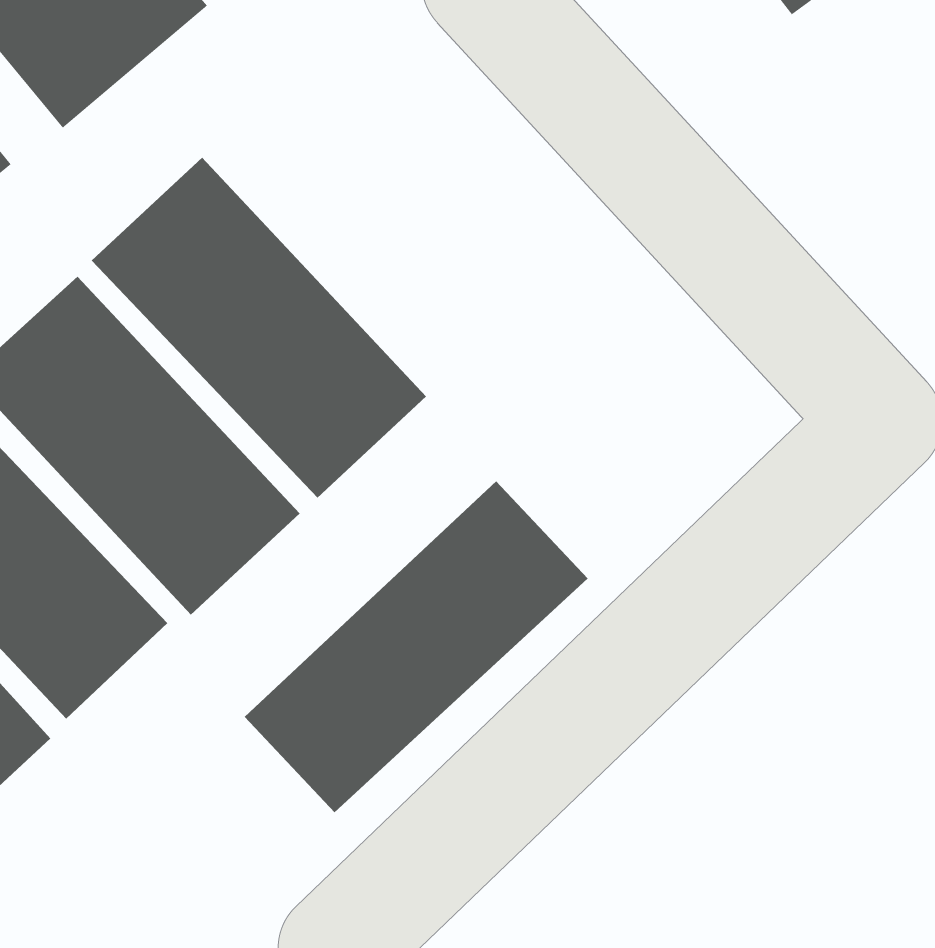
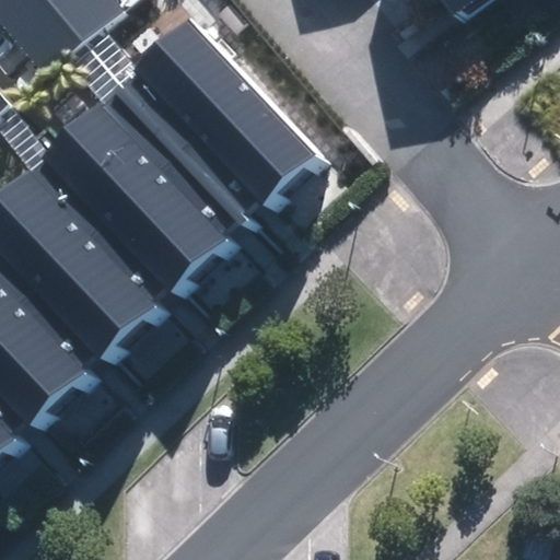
building: none -> [125,18,328,223]
building: [244,481,589,813] -> none

